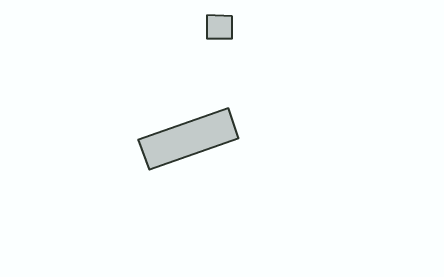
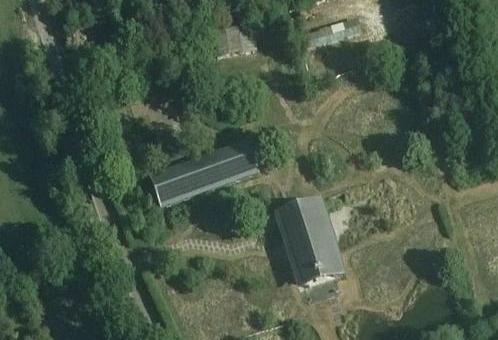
building: none -> [284,206,336,280]

